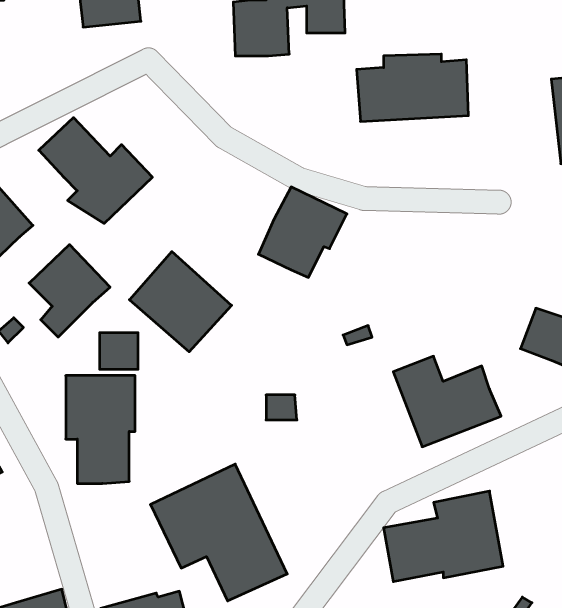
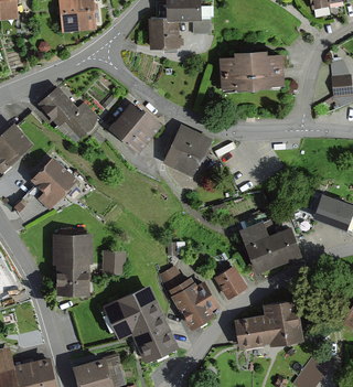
building: [129,252,232,352] -> [105,94,163,151]
building: [100,333,138,369] -> [101,254,124,275]
building: none -> [213,266,247,300]
building: none -> [159,267,218,331]

